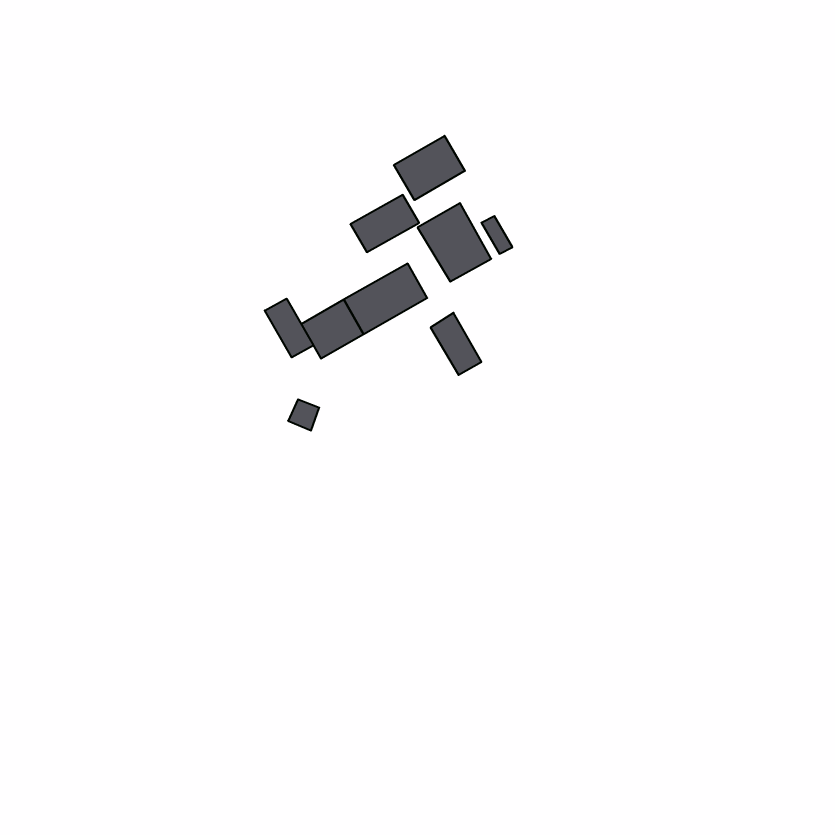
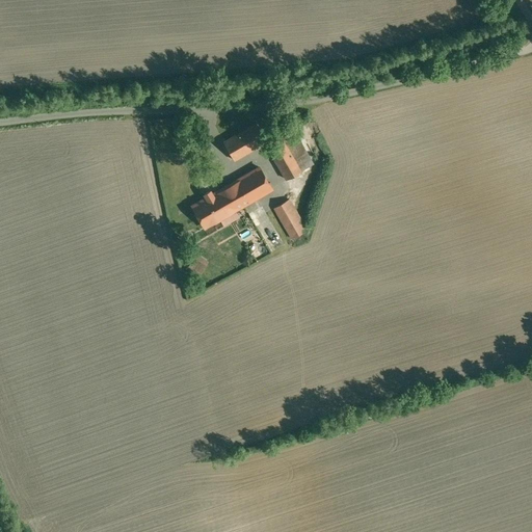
building: [394,136,465,200] -> none
building: [265,299,313,357] -> none

